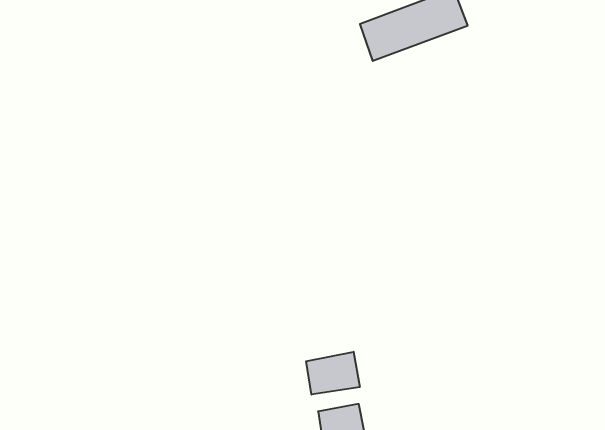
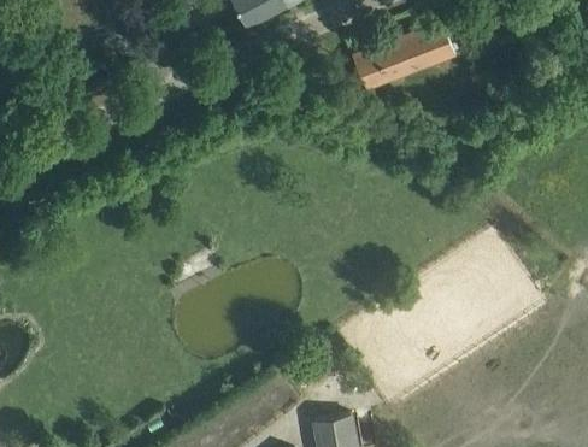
building: [306,352,360,395] -> none

